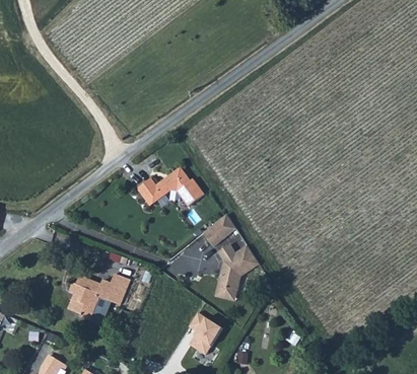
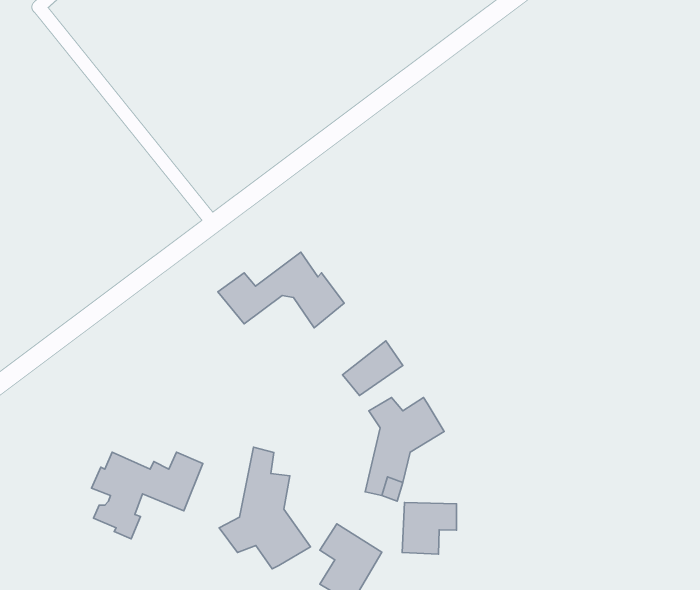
building: none -> [219,447,311,569]
building: none -> [402,502,456,554]

